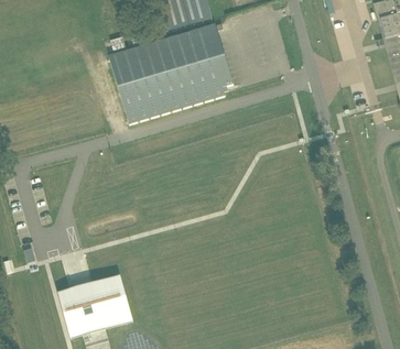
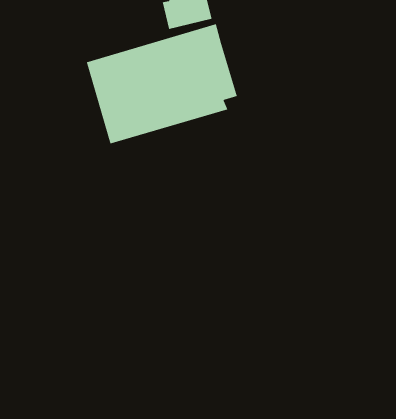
building: [61,273,129,332] -> none

